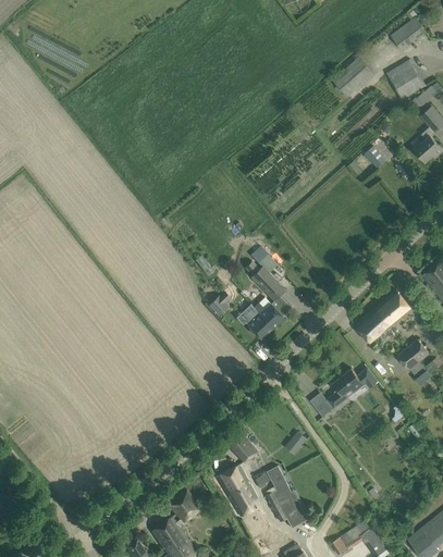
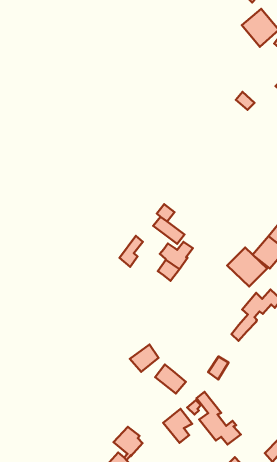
building: [332,55,374,97] -> none
building: none -> [227,248,267,286]
building: [216,463,247,492] -> [130,345,159,372]

